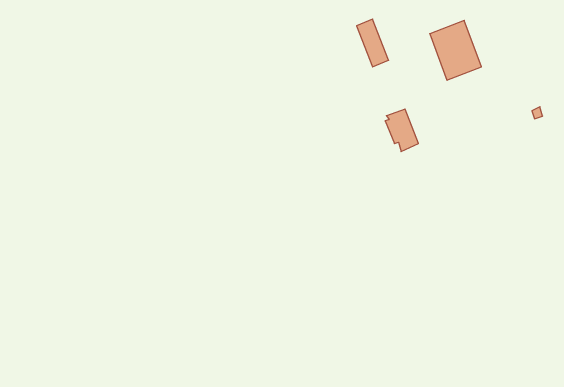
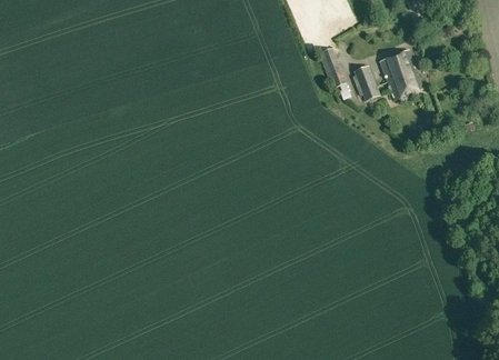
building: [385,109,418,152] -> [352,63,380,99]

